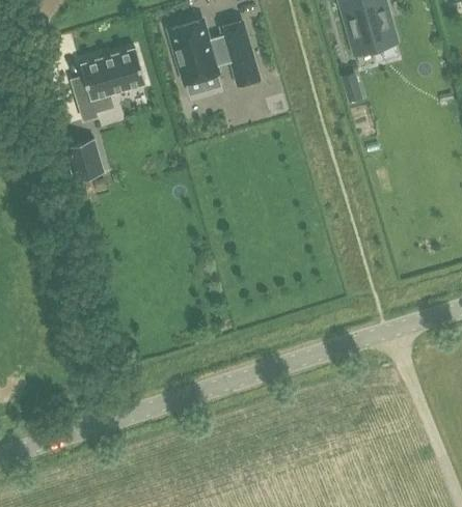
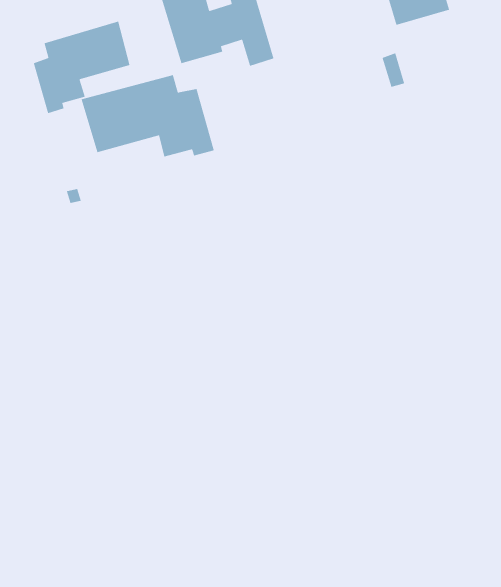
building: none -> [81,74,215,157]
building: [66,138,105,181] -> none

